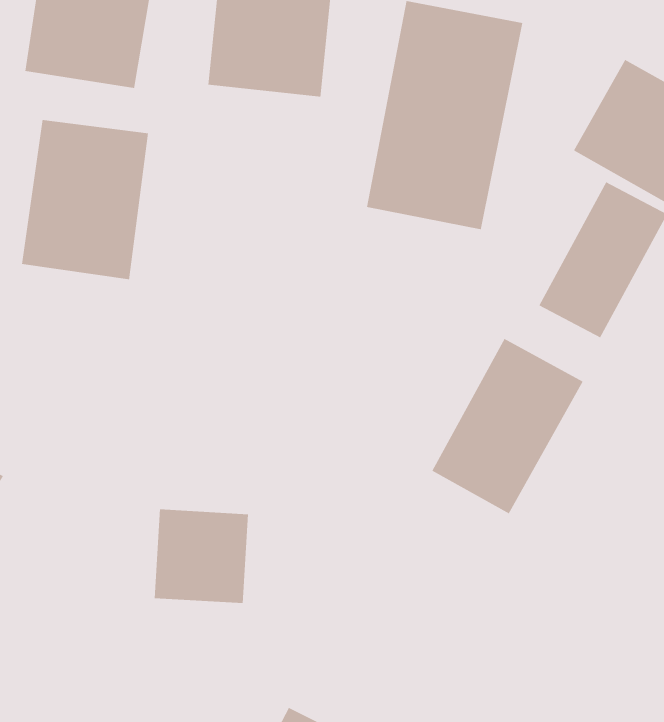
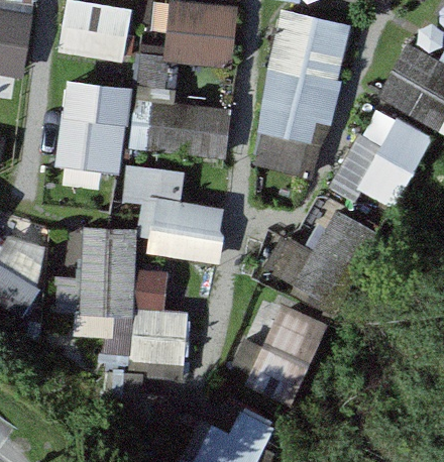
building: none -> [146,102,230,158]
building: none -> [146,196,224,263]
building: none -> [80,226,136,314]
building: none -> [244,303,325,405]

